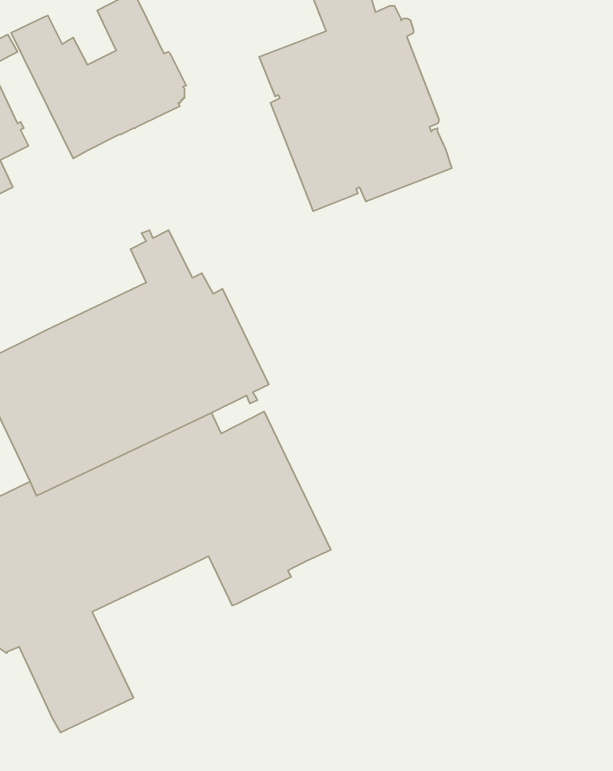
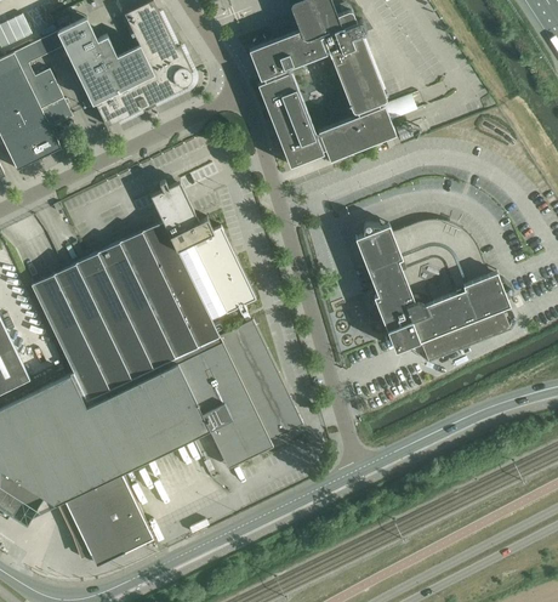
building: none -> [354,221,509,362]

